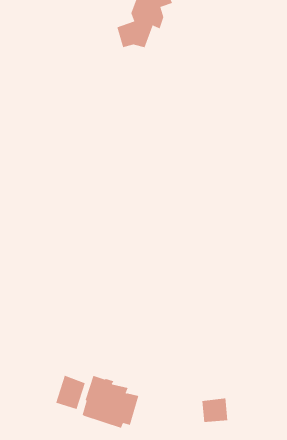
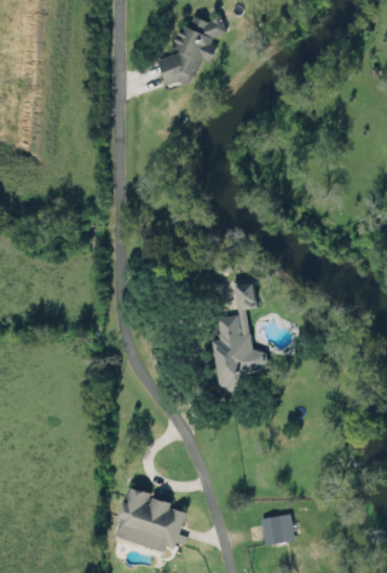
building: none -> [212,276,267,388]
building: [55,375,86,410] -> none

